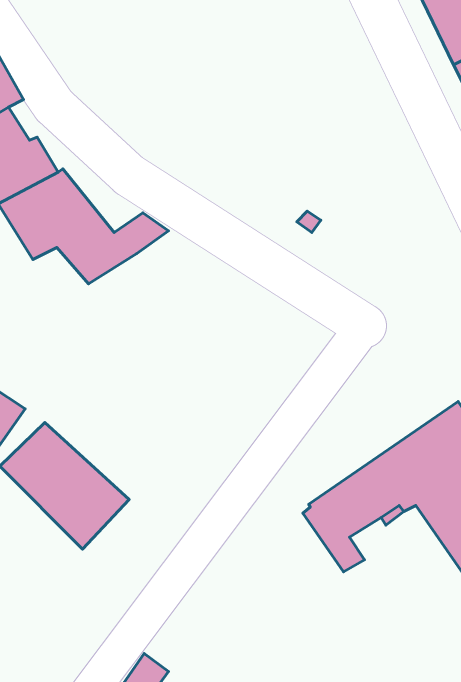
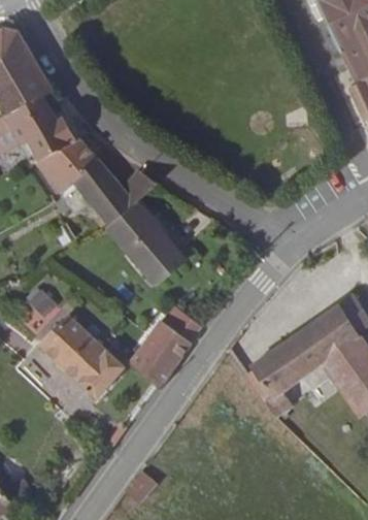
building: none -> [98,195,174,271]
building: none -> [131,306,201,385]

